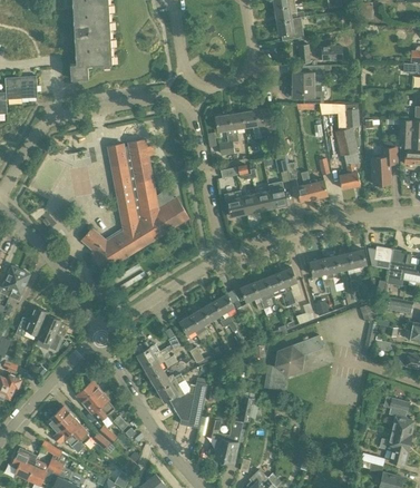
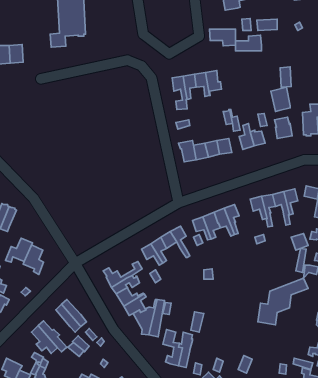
building: [291,85,322,105] -> [209,29,235,46]
building: [80,139,187,272] -> none
building: [263,335,323,391] -> [258,278,308,325]

